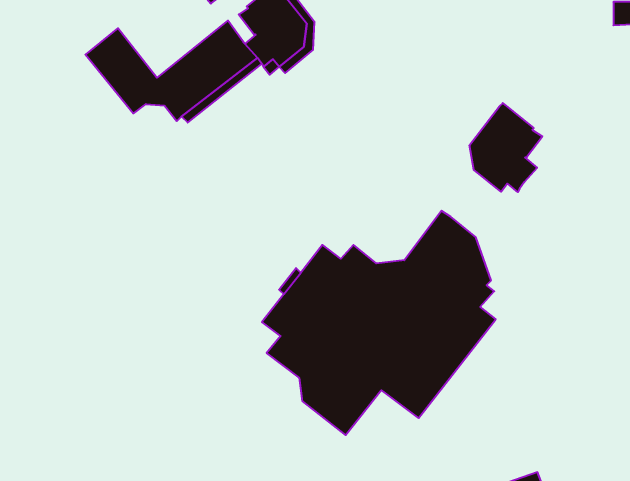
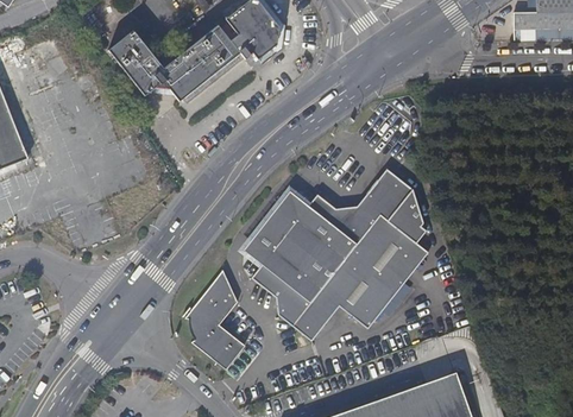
building: [469,103,542,192] -> none
building: none -> [182,273,238,372]

